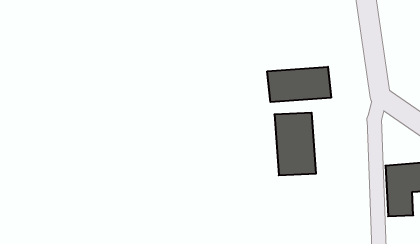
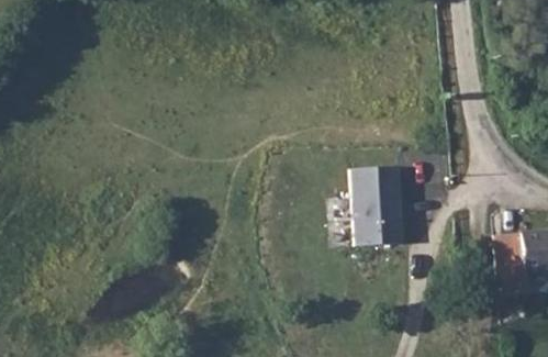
building: [267,67,331,102] -> none

